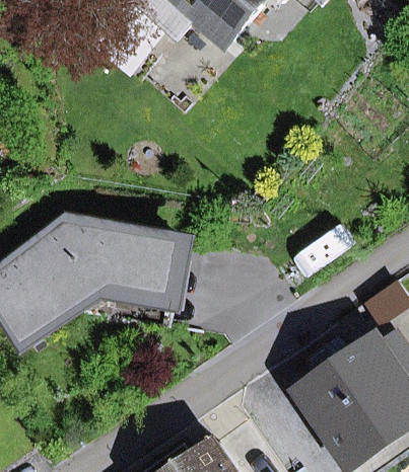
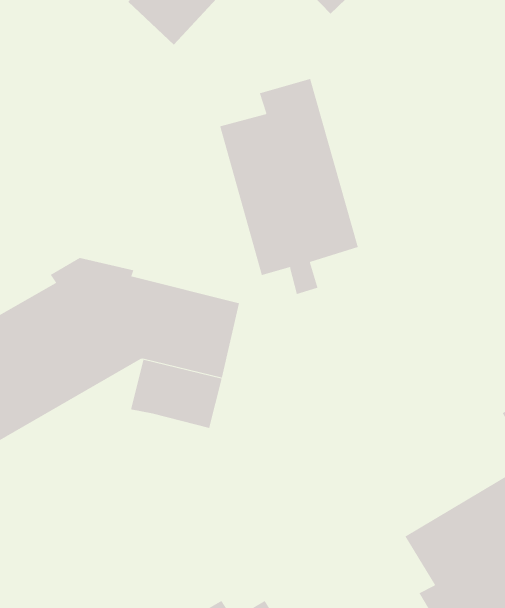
building: none -> [219,78,358,295]

